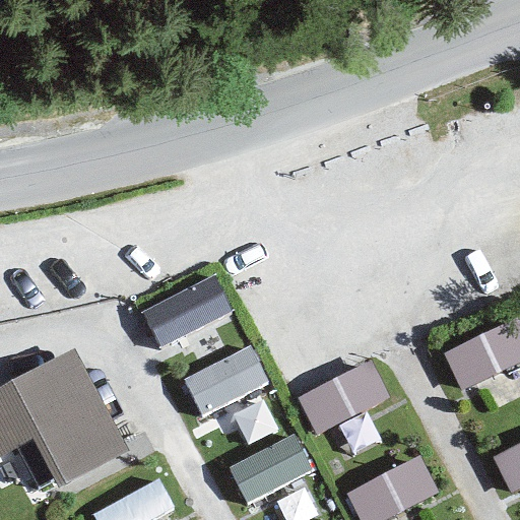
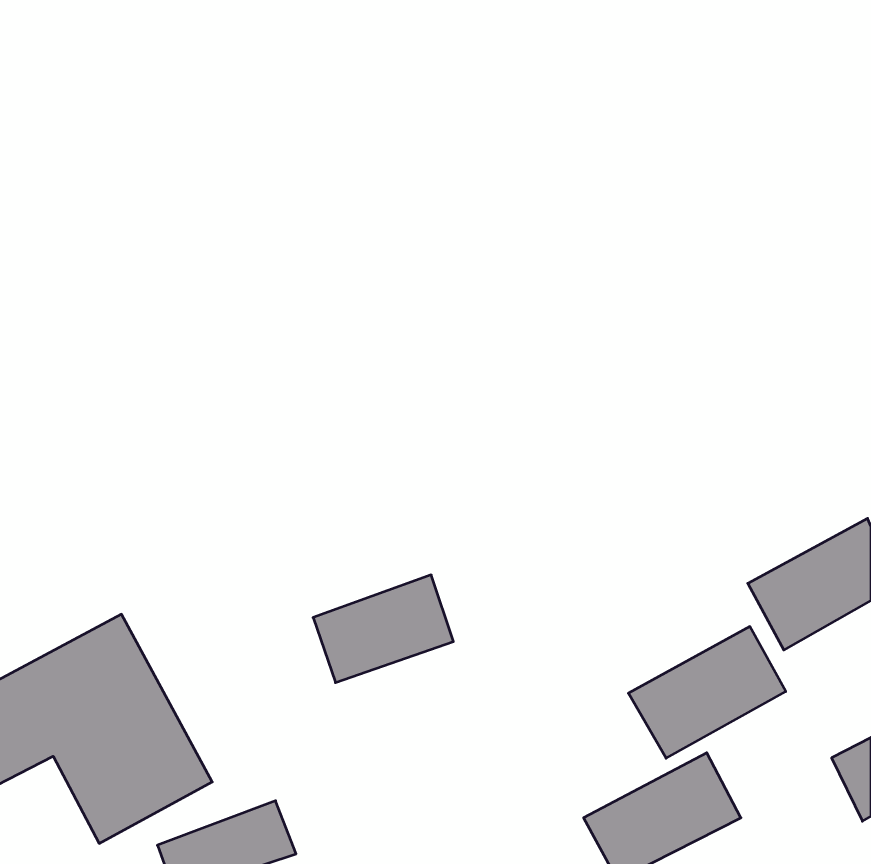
building: [142,274,238,352] -> none
building: [298,358,391,436] -> [628,627,786,758]
building: [229,435,312,501] -> none

